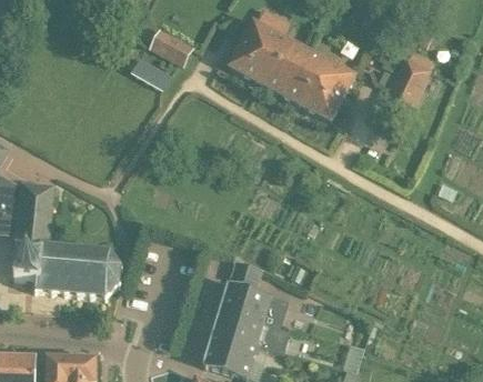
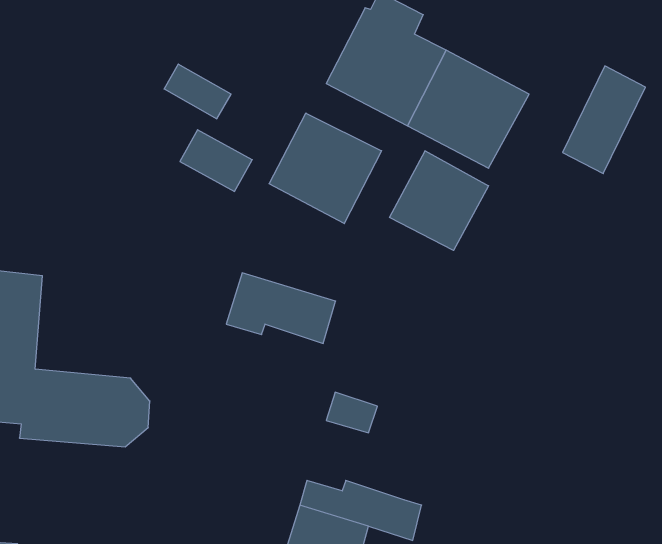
building: [148,28,193,67] -> [180,130,252,191]
building: none -> [269,113,382,224]
building: none -> [390,151,489,250]
building: [218,284,286,329] -> [226,273,336,343]

